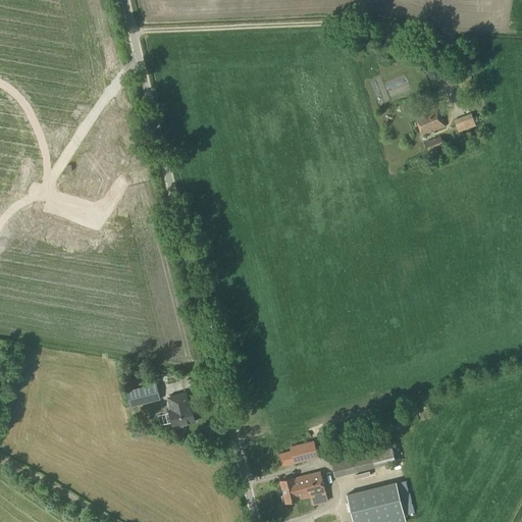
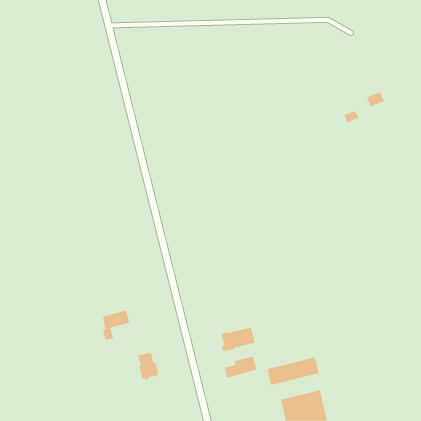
building: [415,107,446,136] -> none
building: [168,394,195,428] -> [138,352,159,380]
building: [281,473,324,503] -> [221,327,256,351]

